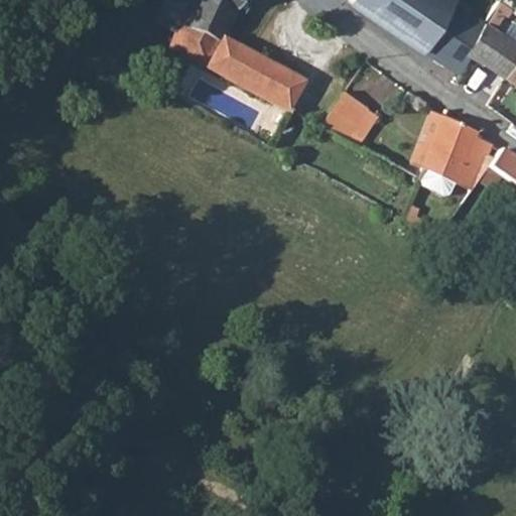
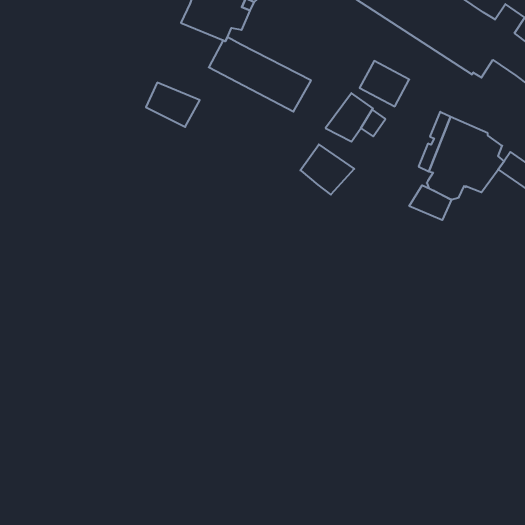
building: [168,22,221,66] -> [146,83,200,127]
building: none -> [300,144,354,195]
building: none -> [409,185,451,220]

